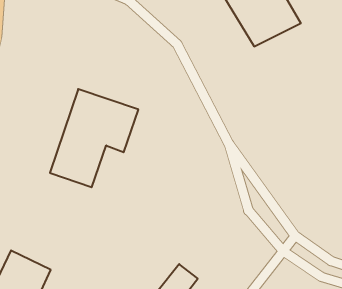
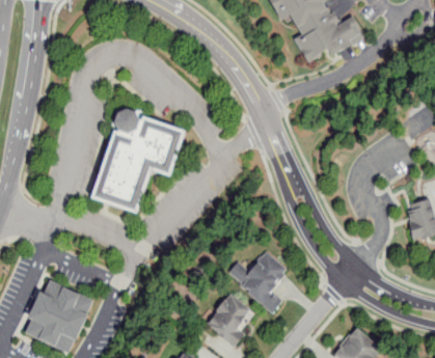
building: none -> [235,251,282,312]

